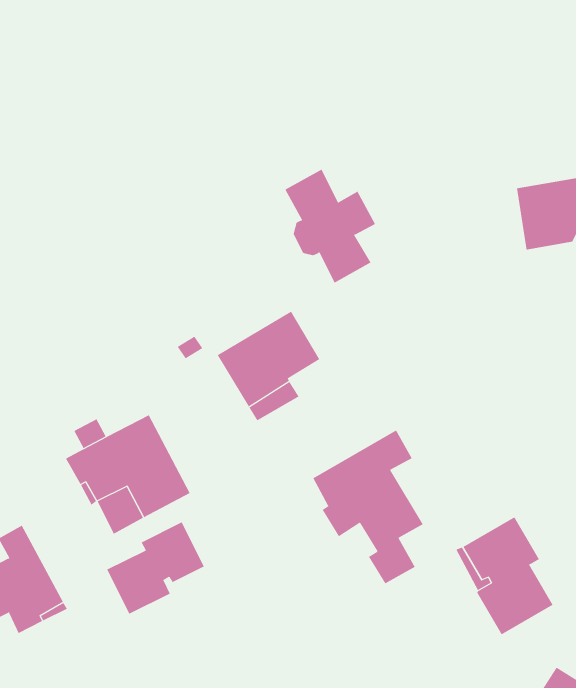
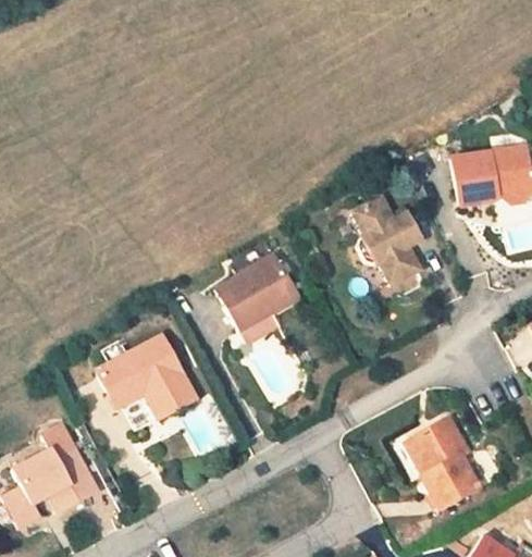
building: [285,169,376,283] -> [352,195,424,285]
building: [313,429,424,584] -> none
building: [107,522,204,615] -> none

